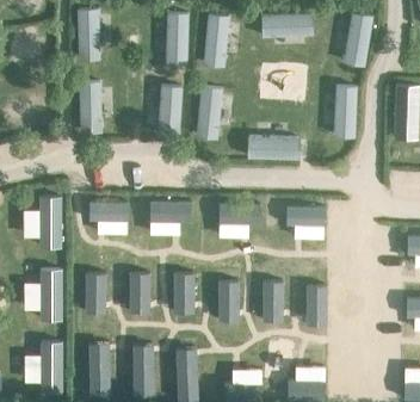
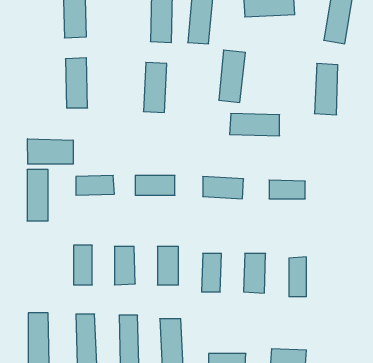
building: [196,87,223,141] -> [219,50,245,102]
building: none -> [28,139,73,164]
building: [39,270,62,322] -> none

